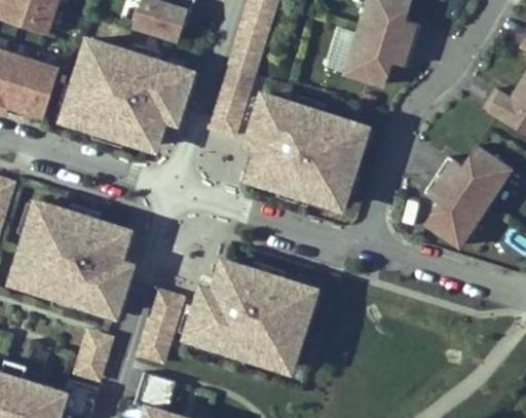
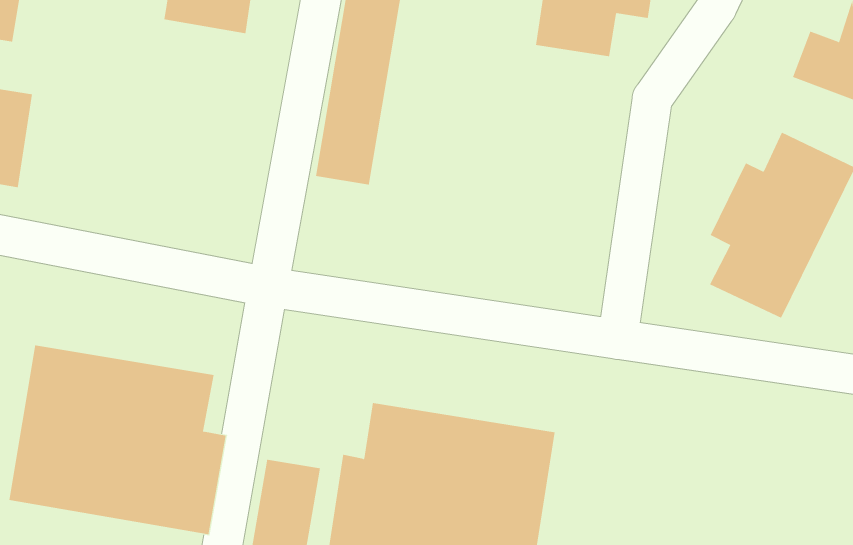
building: [59,39,197,156] -> none
building: [247,93,373,217] -> none

